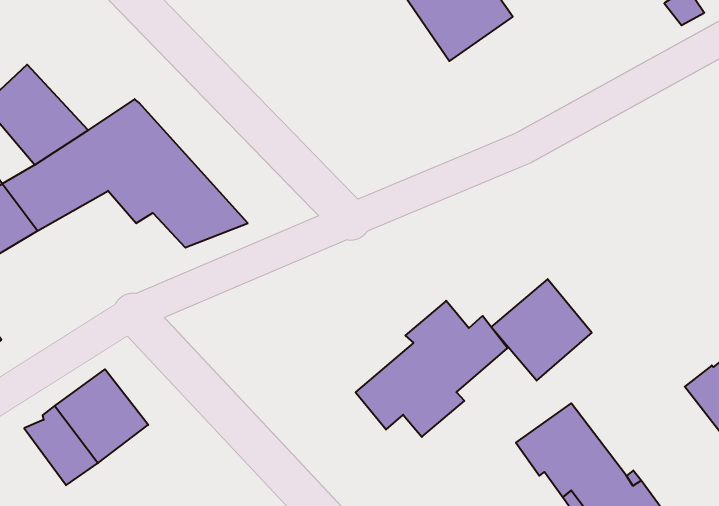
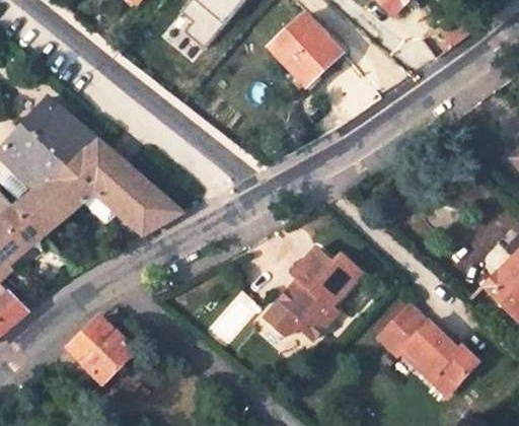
building: none -> [23,95,97,162]
building: [491,279,592,381] -> none

